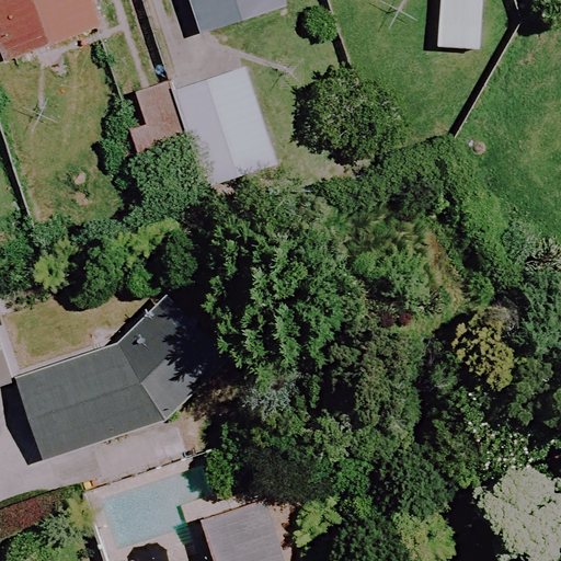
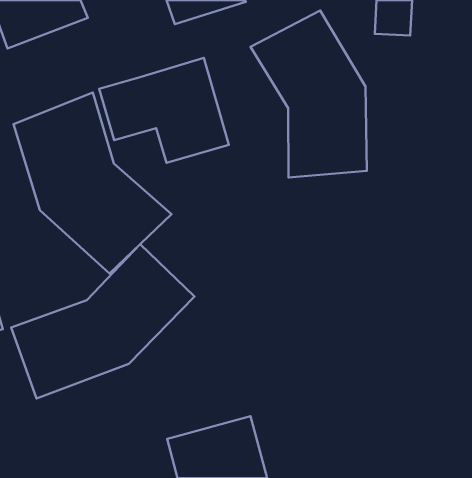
building: none -> [251,11,367,178]
building: none -> [13,92,171,274]

